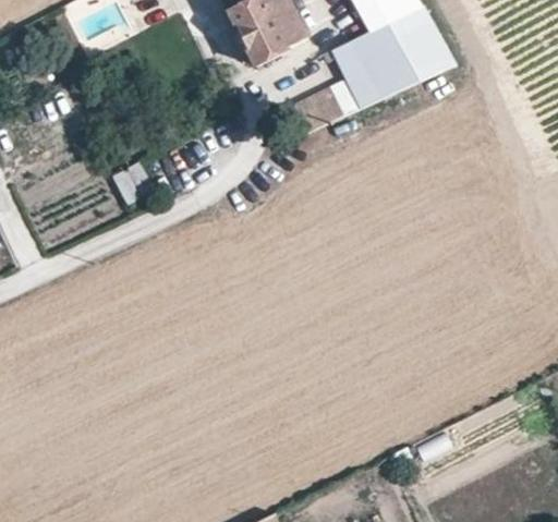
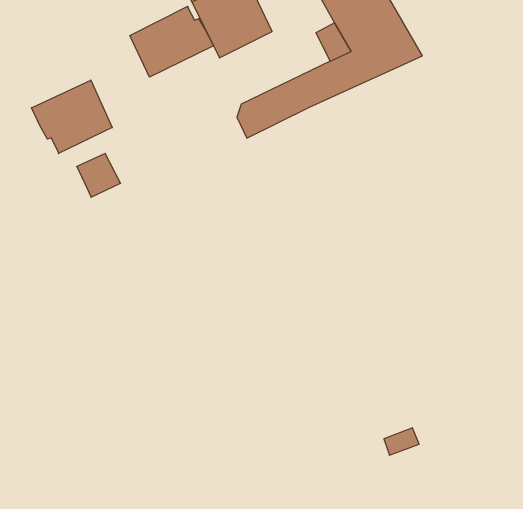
building: none -> [130,6,213,77]
building: none -> [31,80,112,154]

